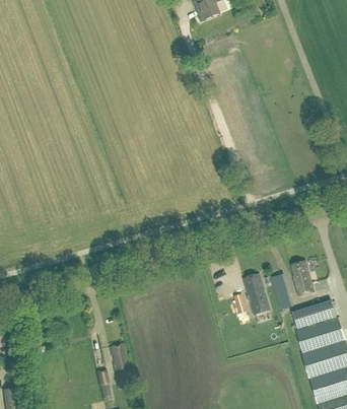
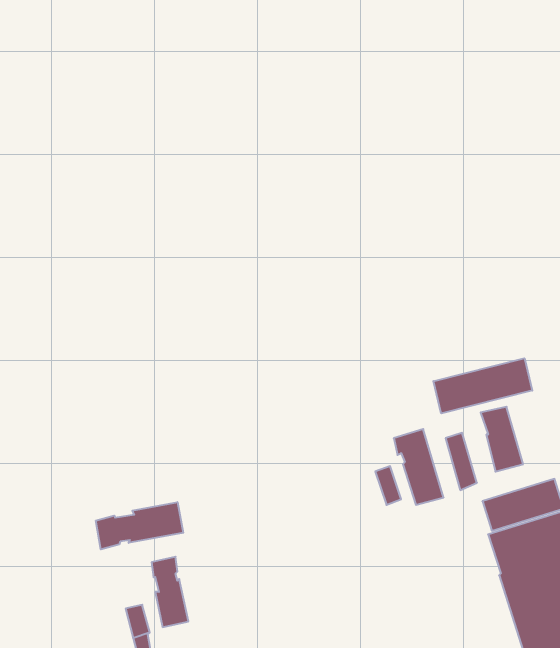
building: none -> [433,358,532,413]
building: none -> [96,502,183,549]

